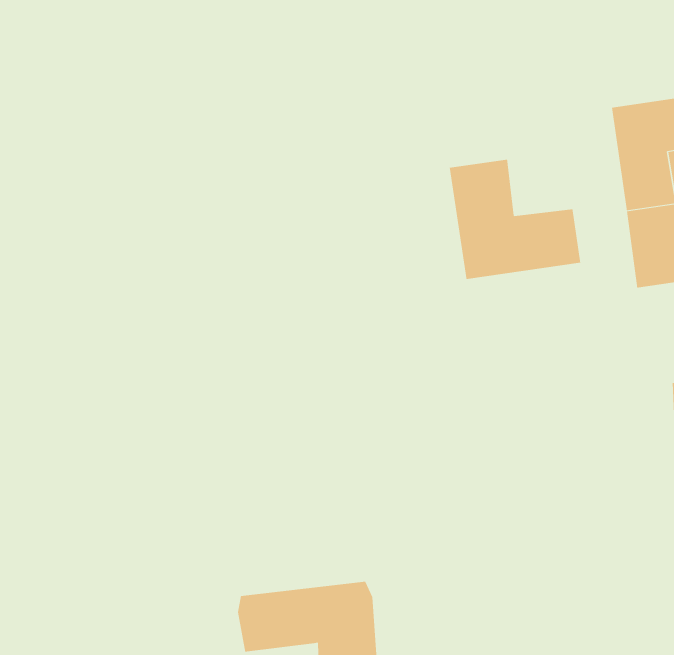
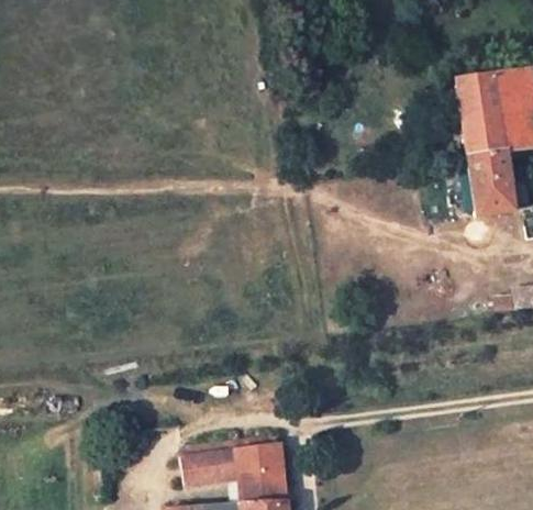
building: [449,159,581,280] -> none

